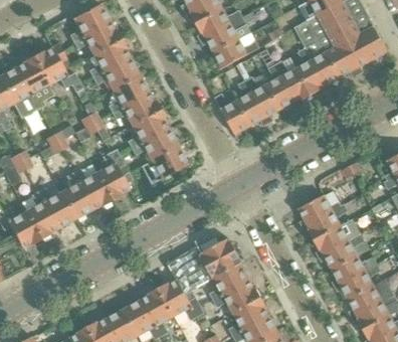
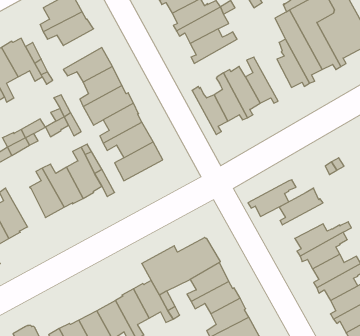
building: [87,38,129,77] -> none
building: [270,52,311,108] -> none
building: [36,187,74,228] -> none
building: [302,204,348,239] -> [248,180,296,216]

